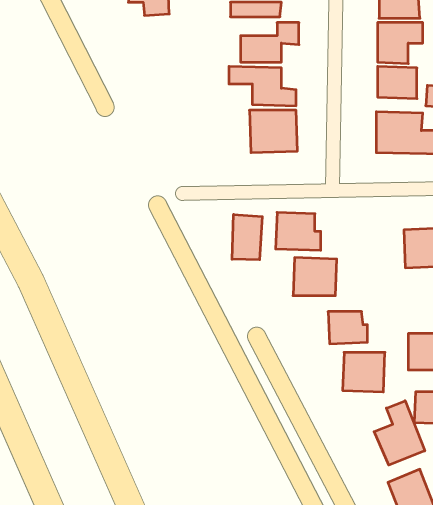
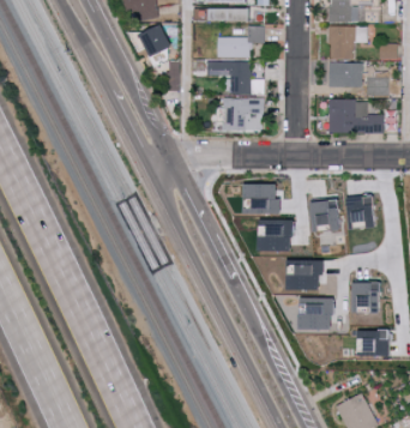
building: none -> [133,25,171,56]
building: [232,214,262,260] -> none
building: none -> [313,198,340,229]
building: [374,401,425,465] -> none

